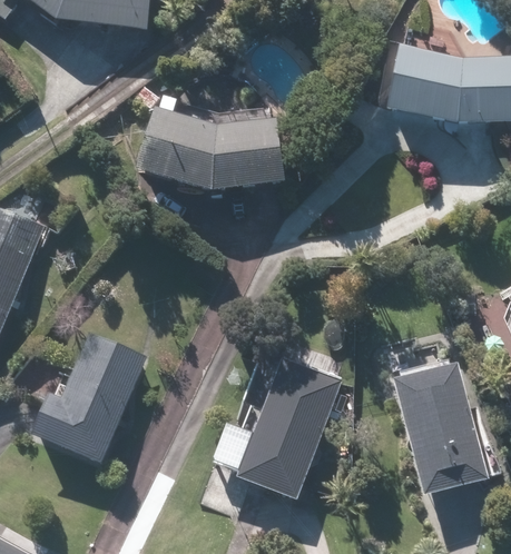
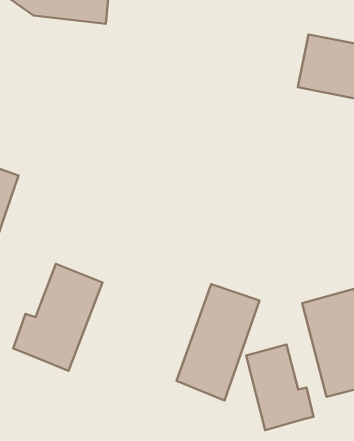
building: [139,107,287,191] -> none
building: none -> [246,344,313,430]

